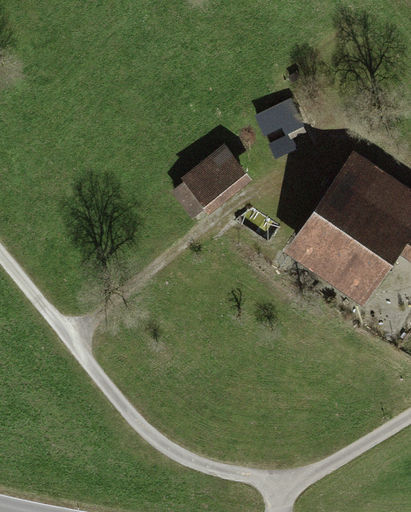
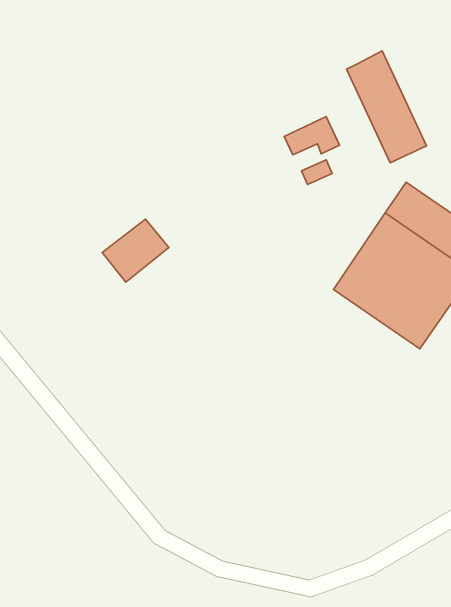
building: none -> [347,51,427,163]
building: [188,157,242,208] -> [102,219,169,282]

